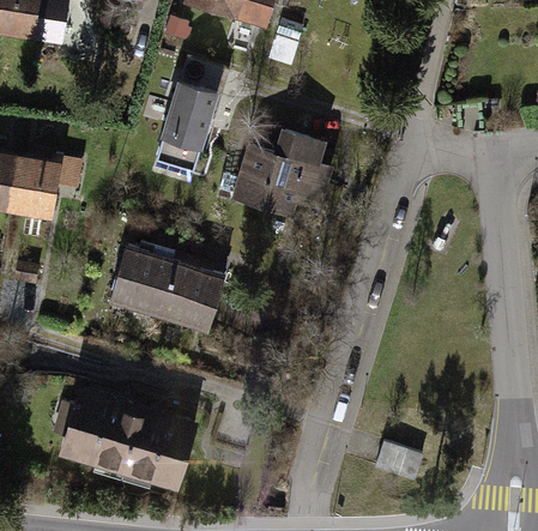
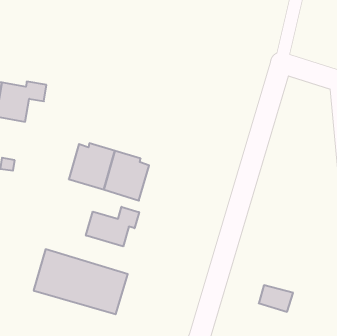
building: [156,60,223,170] -> none
building: [219,133,332,215] -> none
building: none -> [86,207,139,246]

